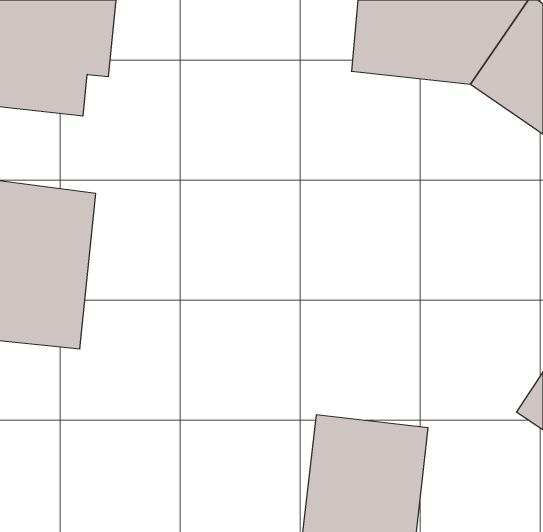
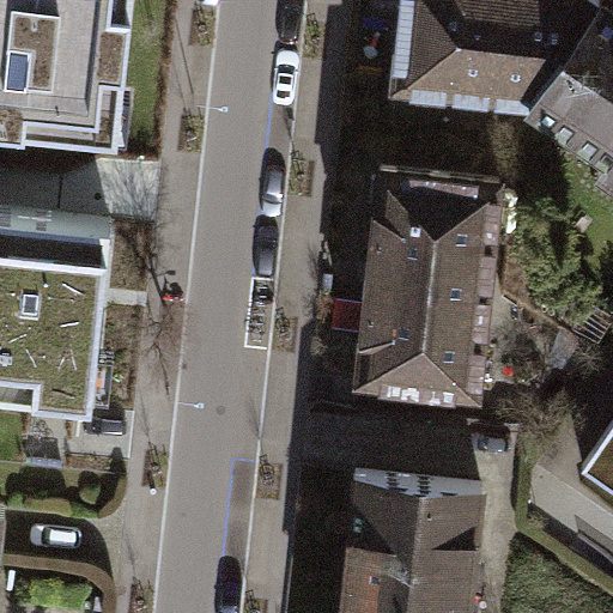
building: none -> [357,177,502,403]

